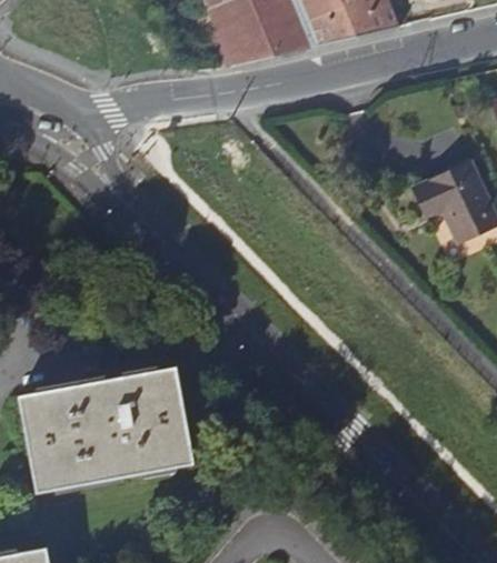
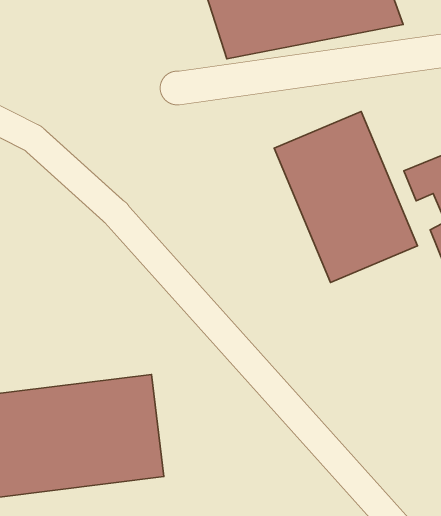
building: none -> [274,112,417,283]

